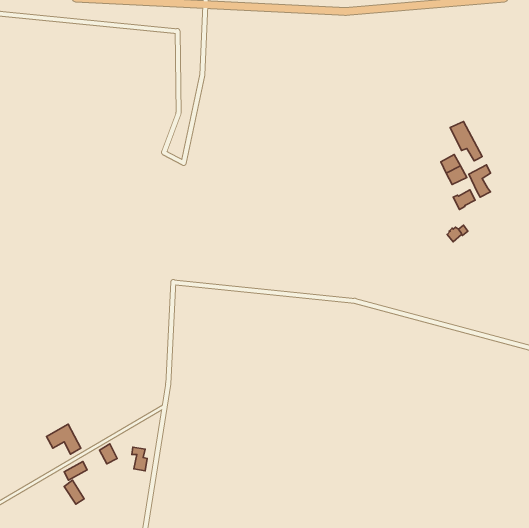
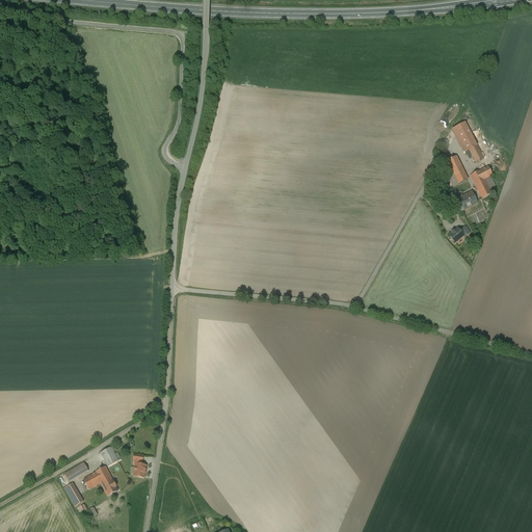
building: [47,424,81,454] -> [83,466,117,496]

